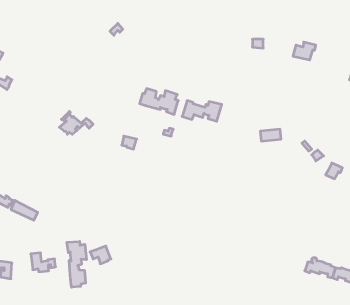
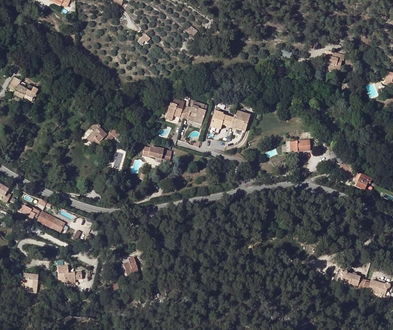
building: [67,241,86,287] -> none

